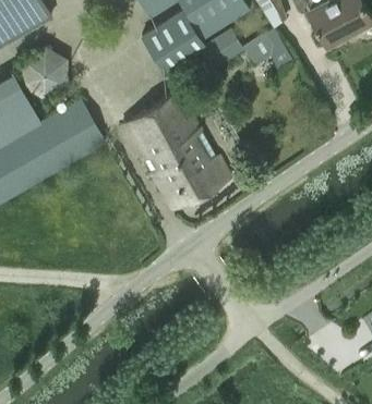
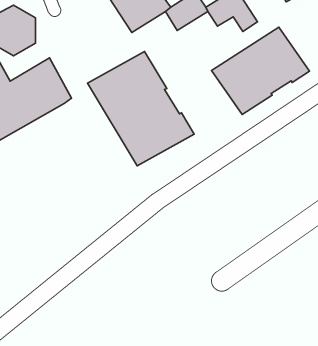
building: none -> [212,27,309,114]

